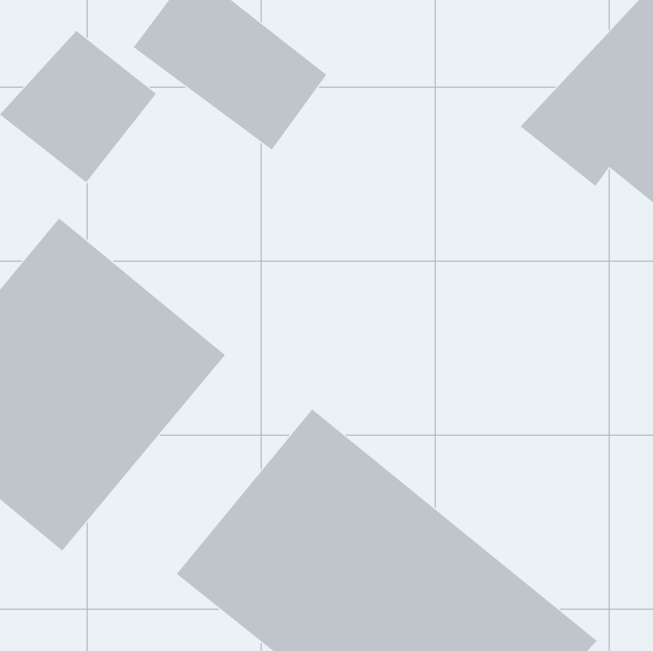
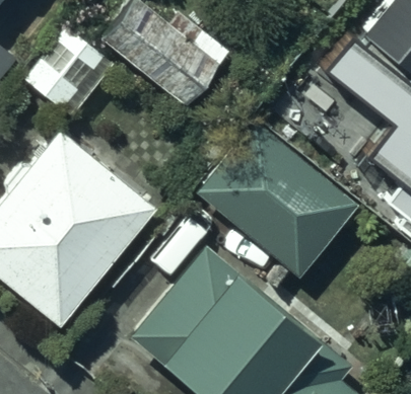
building: none -> [210,135,358,283]

